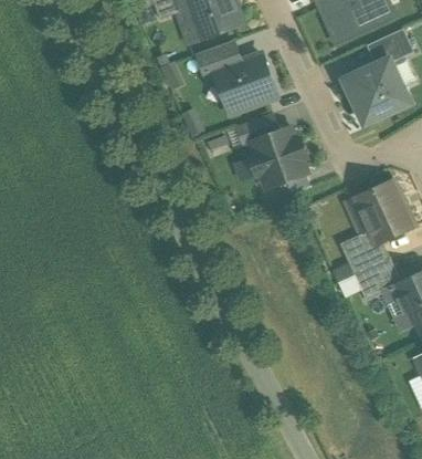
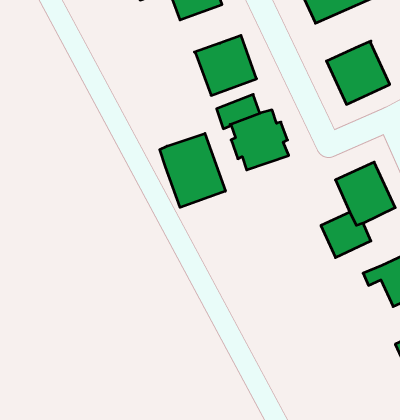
building: [368,30,412,65] -> none
building: [198,41,240,75] -> none
building: none -> [160,133,225,207]
building: [355,259,401,301] -> none

